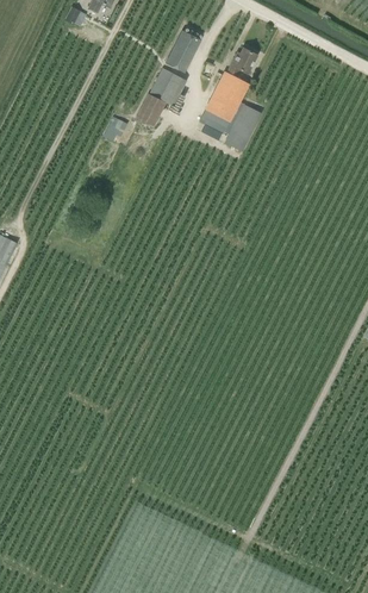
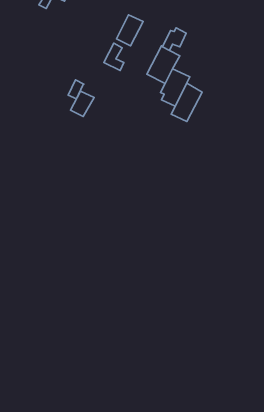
building: [135,94,166,127] -> [70,91,94,117]
building: none -> [171,83,202,122]

